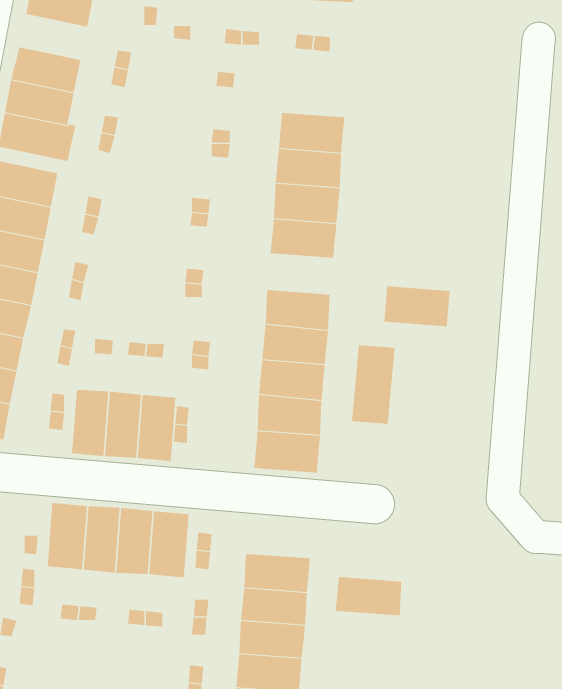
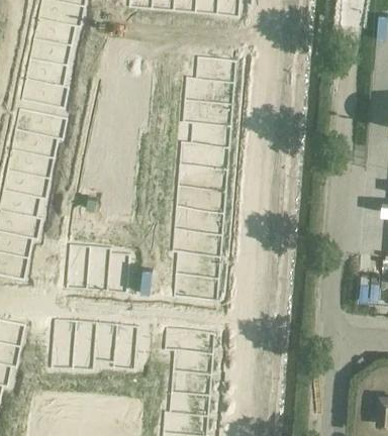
building: none -> [33,20,76,48]
building: none -> [195,59,236,84]
building: [383,286,451,327] -> [186,168,227,193]
building: [352,345,395,425] -> none
building: [335,577,402,616] -> [173,331,214,355]

